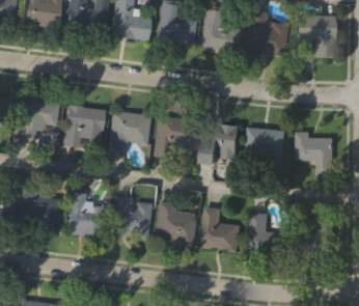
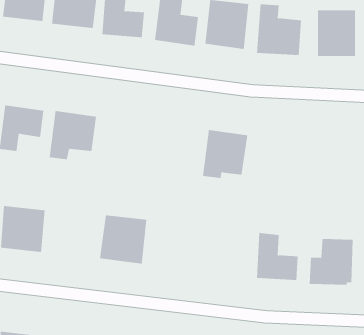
building: [109,112,151,156] -> none
building: [154,116,195,161] -> none
building: [246,128,287,167] -> none
building: [297,132,335,173] -> none
building: [67,192,105,237] -> none
building: [156,202,195,247] -> none
building: [201,207,241,251] -> none

